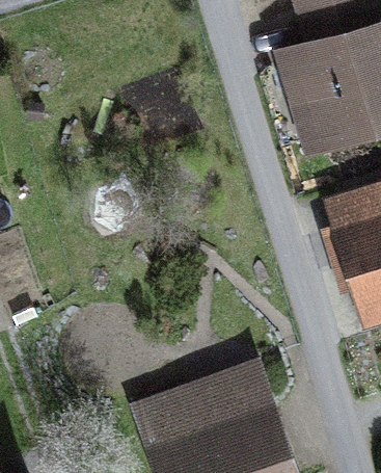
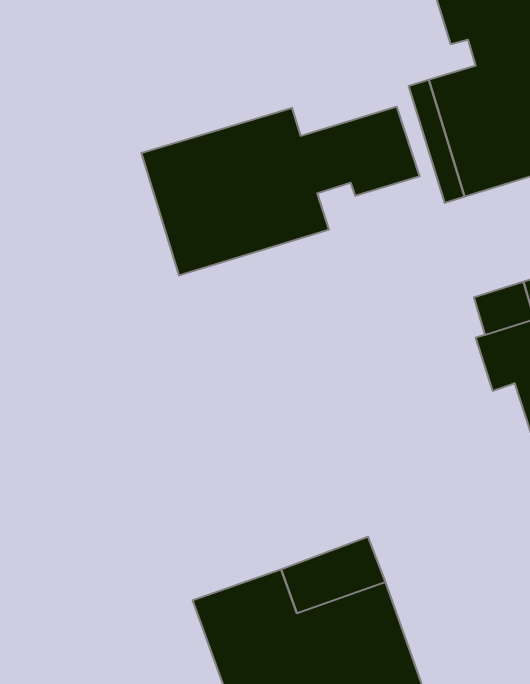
building: none -> [141,107,420,276]

